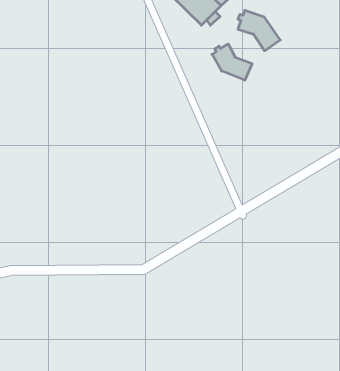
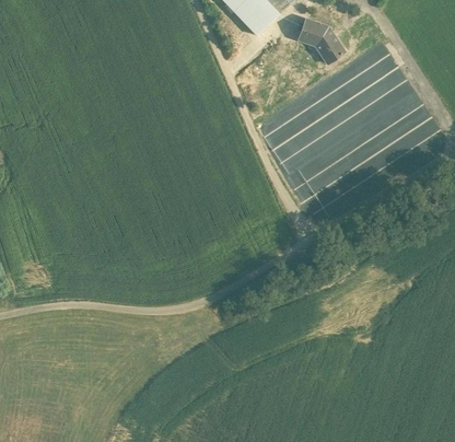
building: [212,44,252,80] -> none

